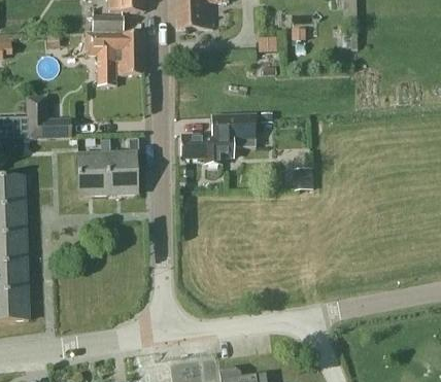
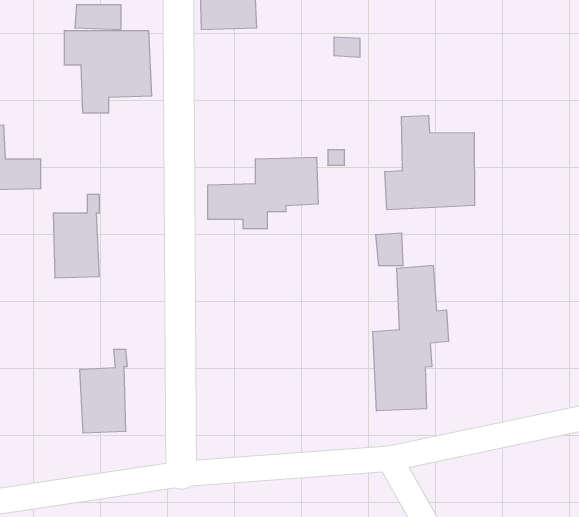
building: none -> [385,115,474,210]
building: [106,139,138,195] -> [80,349,127,433]
building: none -> [373,265,449,411]

